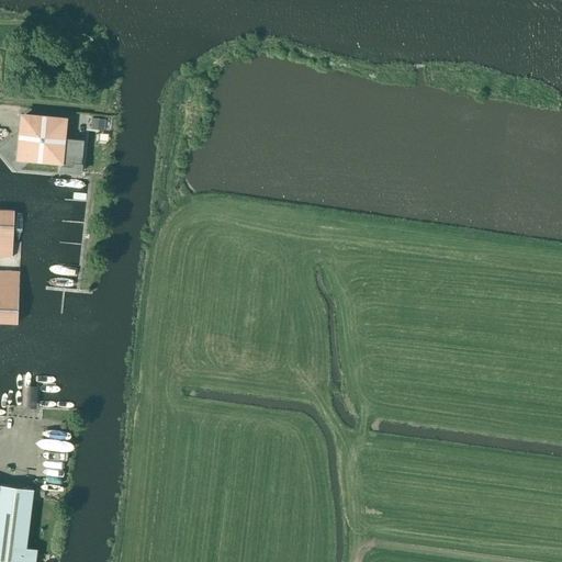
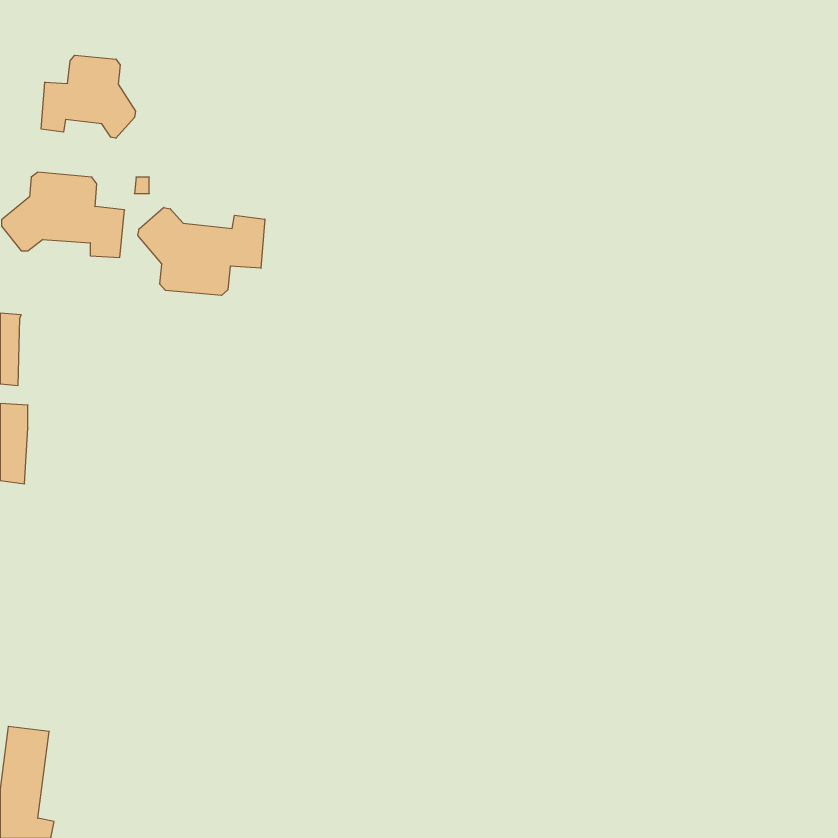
building: none -> [41,55,135,138]
building: none -> [138,207,265,295]

